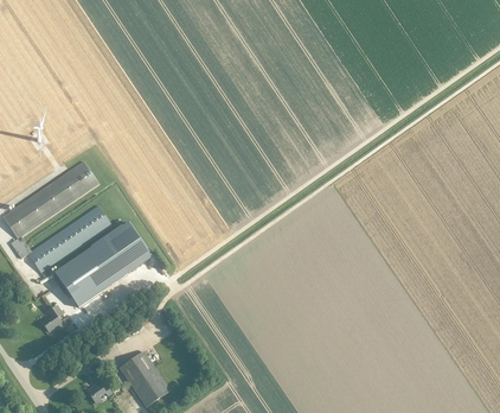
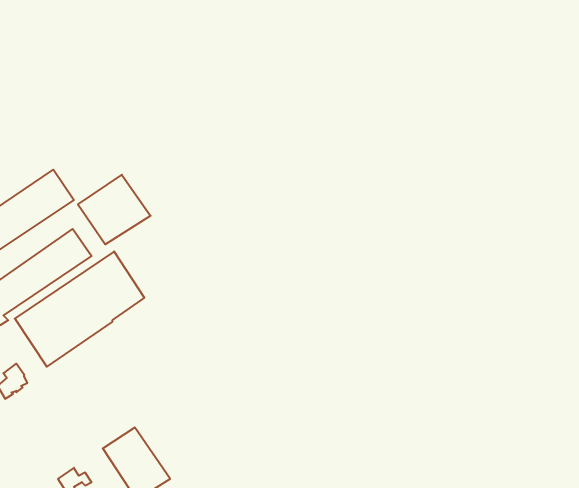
building: none -> [78,175,151,244]

